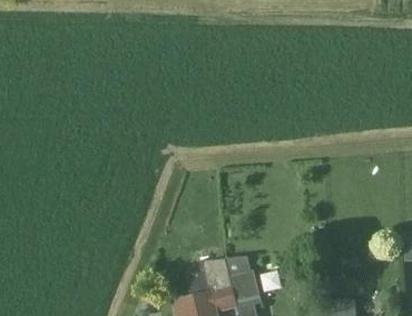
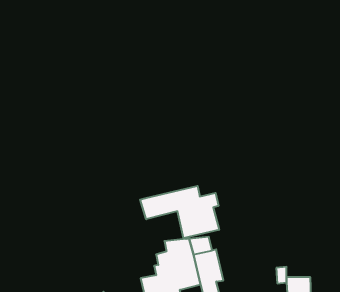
building: none -> [140,186,219,238]

